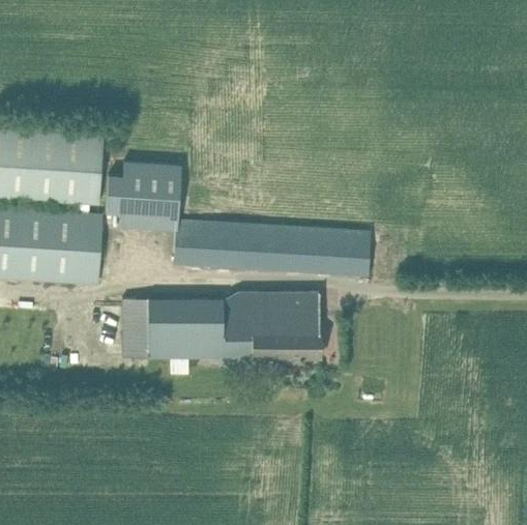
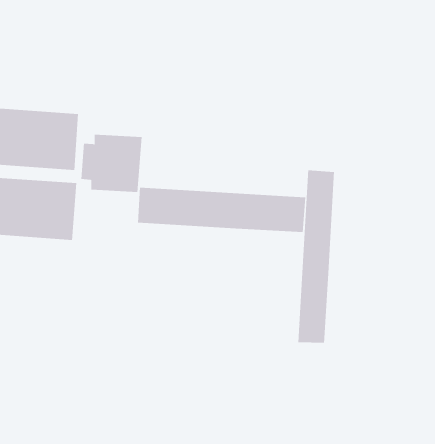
building: none -> [298,170,334,344]
building: [122,292,320,369] -> none

